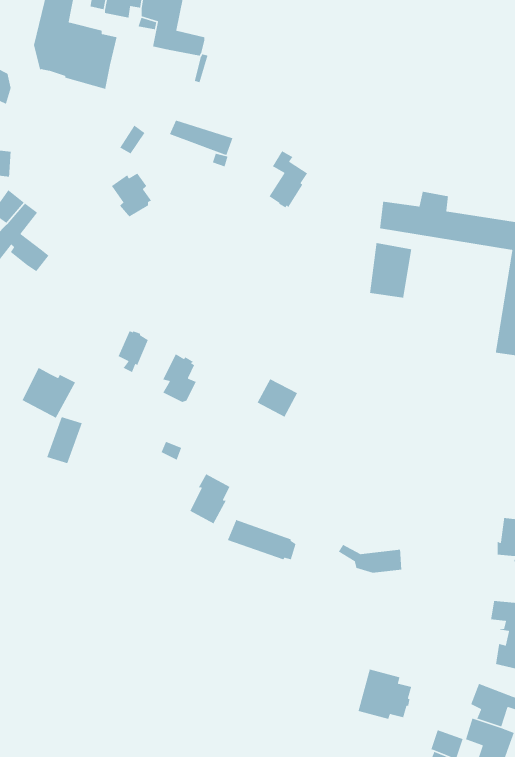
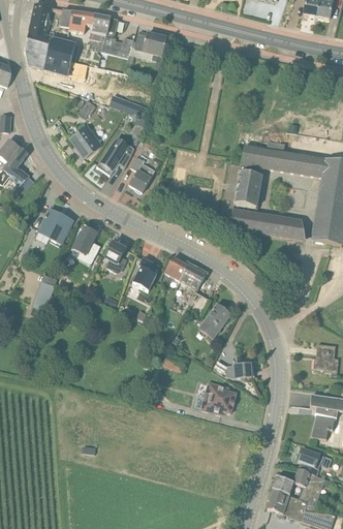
building: none -> [134,30,166,79]
building: [269,150,308,208] -> [129,155,154,191]
building: none -> [96,137,133,175]
building: none -> [229,210,304,239]
building: [21,364,76,419] -> [38,209,72,243]
building: none -> [181,266,208,311]
building: none -> [198,306,230,337]
building: [189,473,231,525] -> [132,257,158,289]
building: [357,668,412,720] -> [201,381,236,413]

